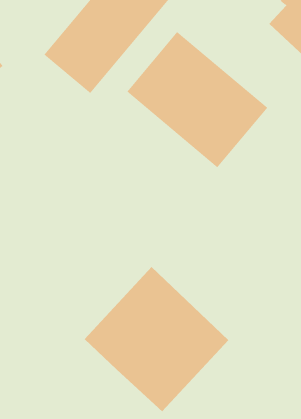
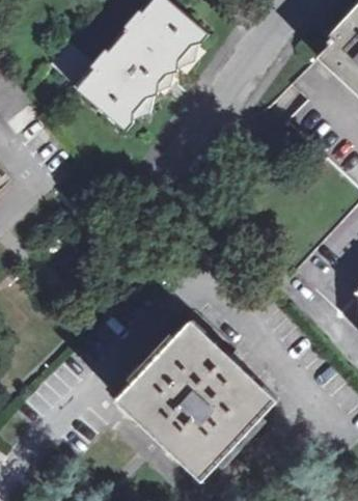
building: [126,31,268,168] -> none

